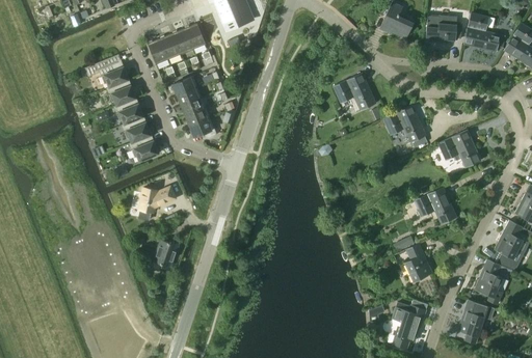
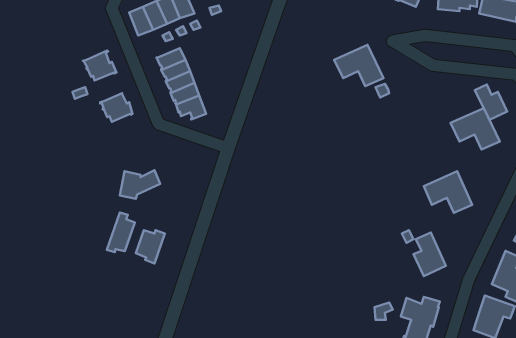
building: [98,61,127,86] -> none
building: [113,98,142,123] -> none
building: [382,105,426,142] -> none
building: none -> [475,84,507,120]
building: [128,135,158,161] -> none
building: none -> [107,212,135,252]

